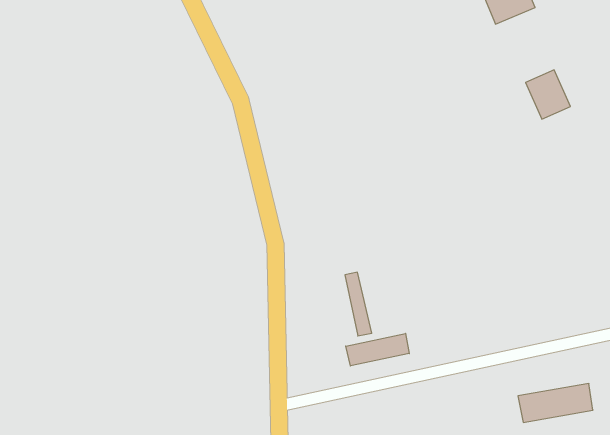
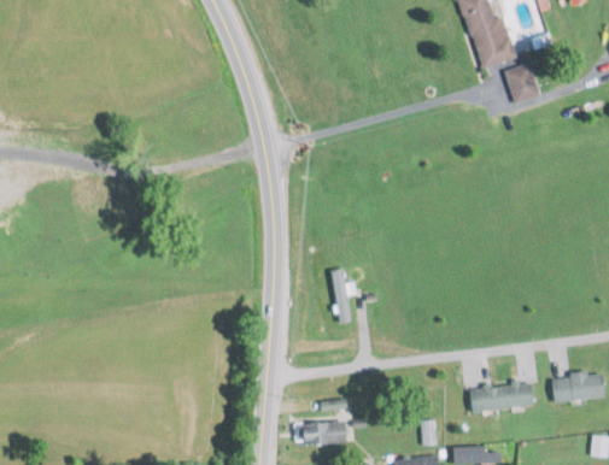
building: [526,70,570,119] -> [504,64,540,105]
building: [346,333,409,366] -> none

